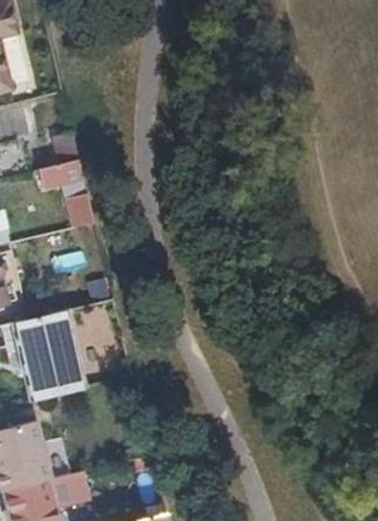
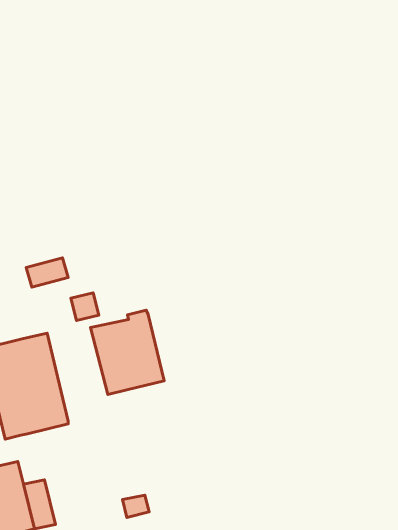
building: [39,161,95,228] -> none
building: none -> [90,310,164,394]

